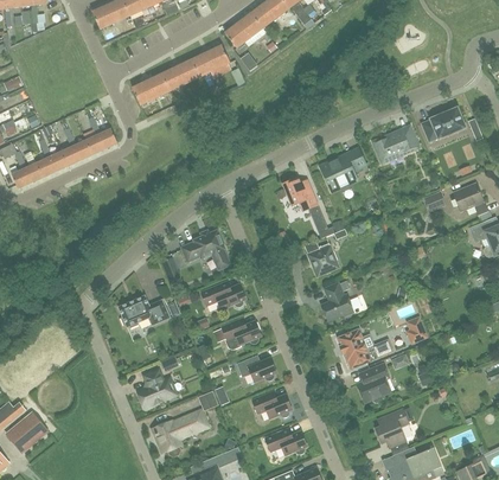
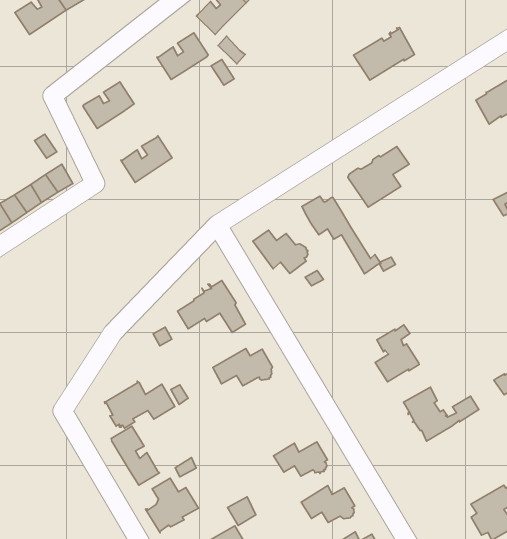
building: [162,58,200,90] -> [121,136,172,182]
building: [373,126,418,161] -> [353,28,415,80]
building: none -> [253,230,308,274]
building: [308,242,339,275] -> none
building: [222,318,261,348] -> none
building: none -> [111,426,159,485]
building: [357,364,389,402] -> none

